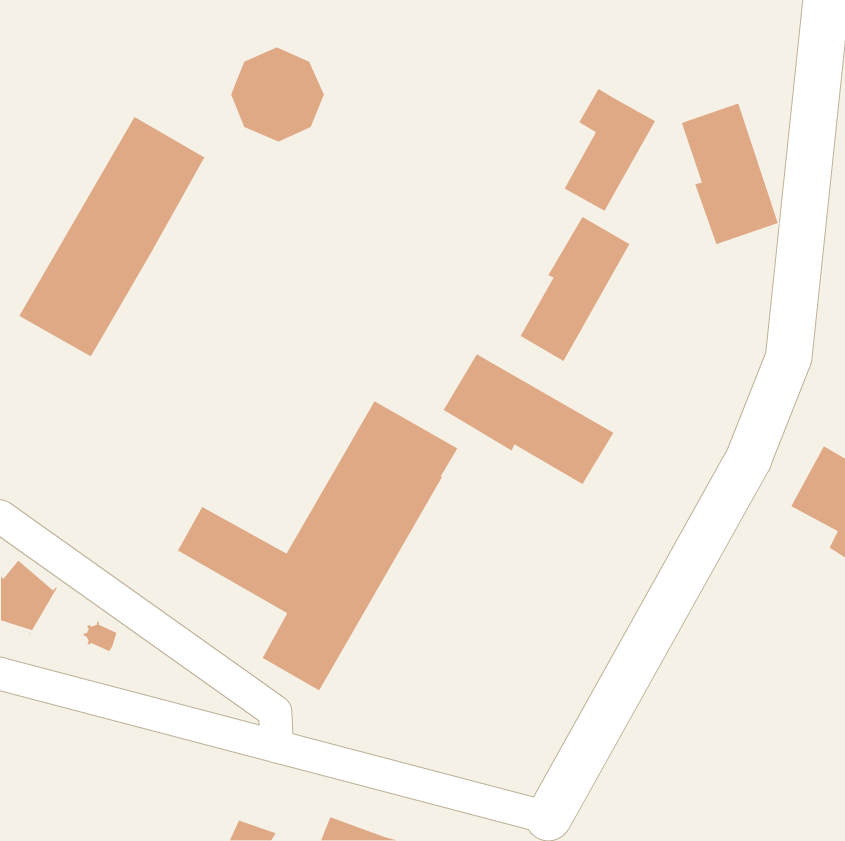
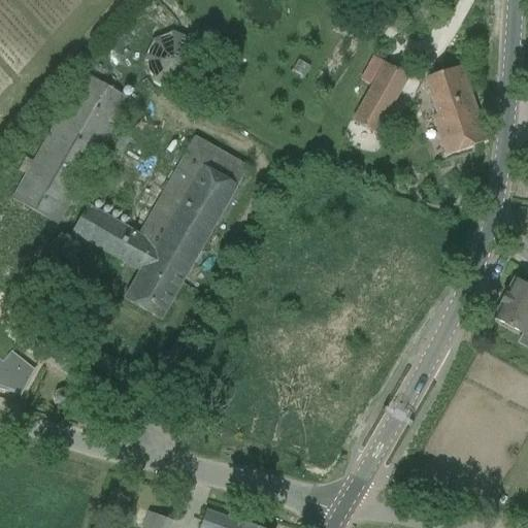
building: [519,216,630,362] -> none
building: [442,353,614,485] -> none
building: [177,400,459,691] -> [72,136,248,318]

